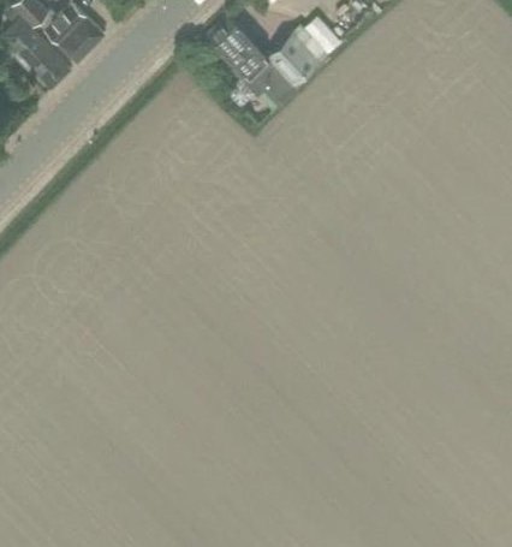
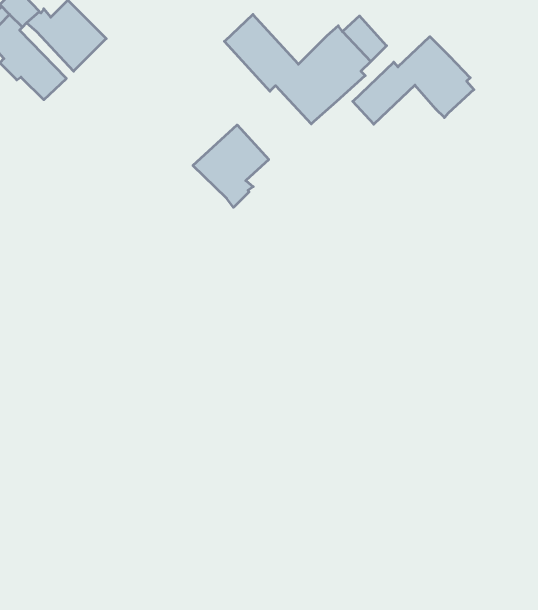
building: none -> [353,37,474,124]
building: none -> [193,125,269,207]

